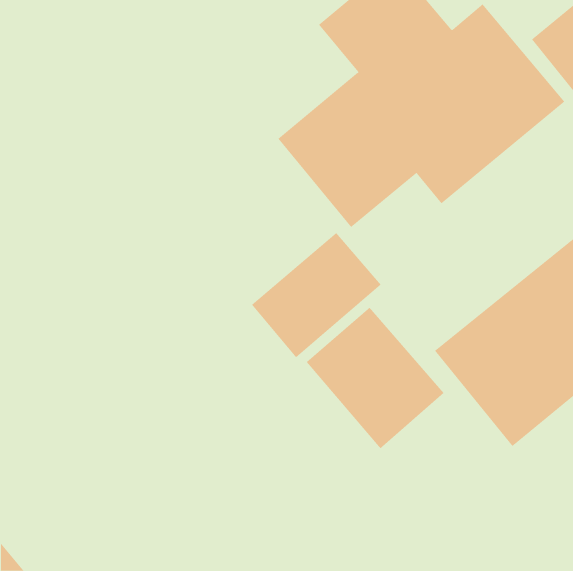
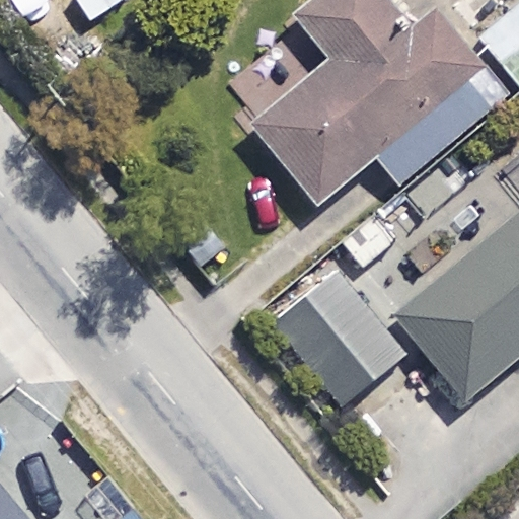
building: [251,232,381,358] -> none

